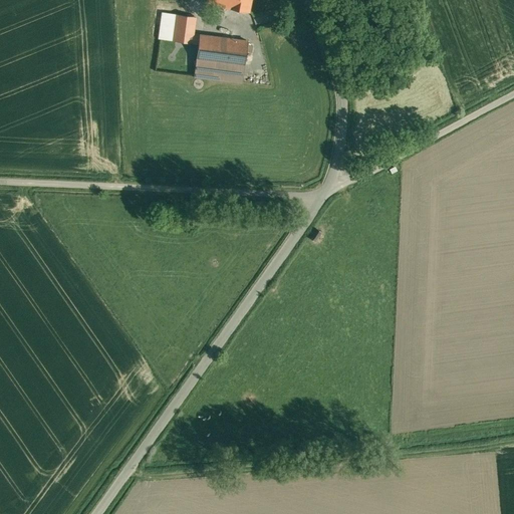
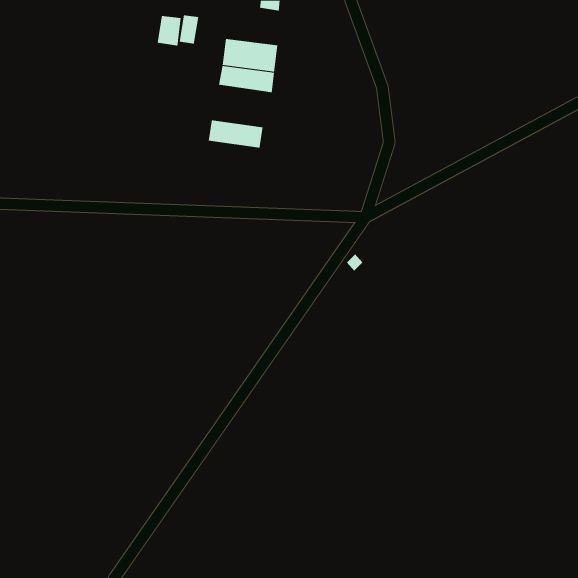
building: [173,15,195,42] -> [157,16,182,46]
building: none -> [208,119,263,149]

